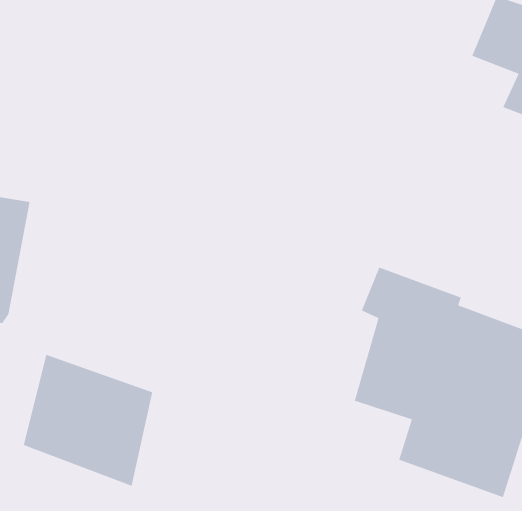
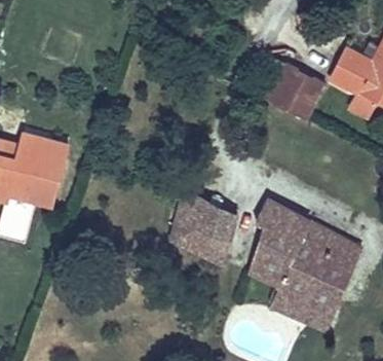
building: none -> [269,64,331,124]
building: [23,354,153,487] -> [162,186,239,266]

